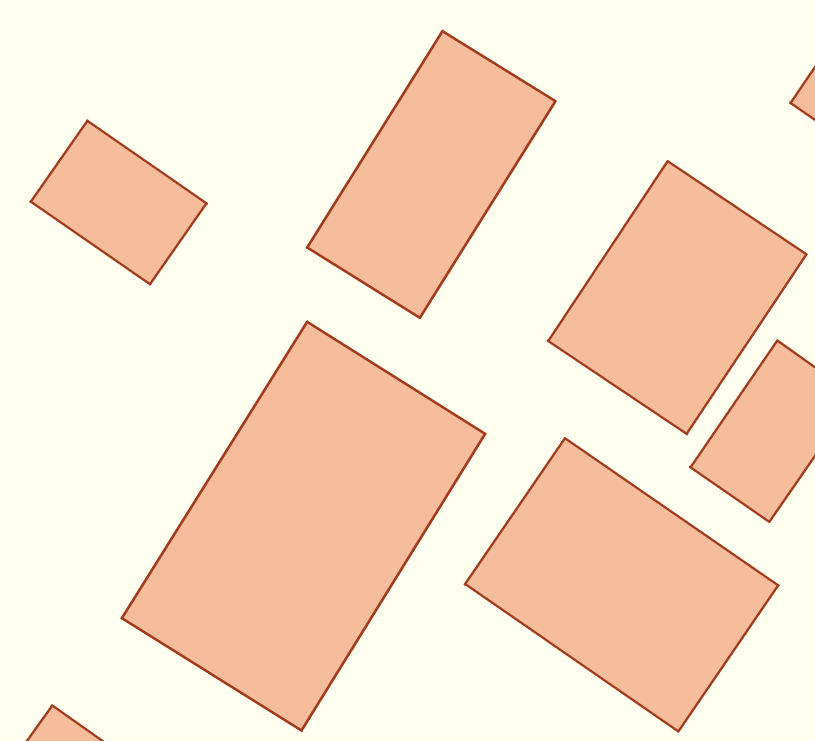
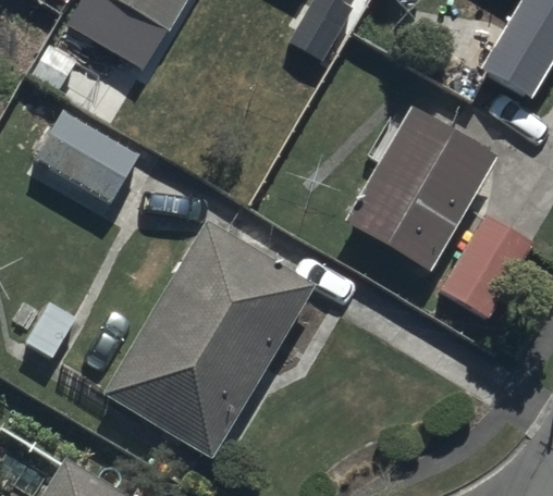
building: [307,31,555,318] -> none
building: [465,438,778,731] -> none

